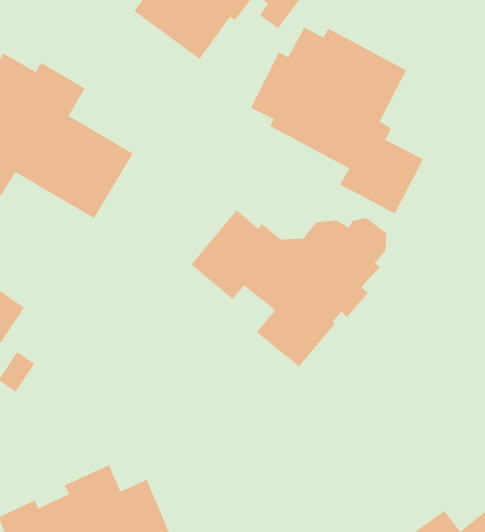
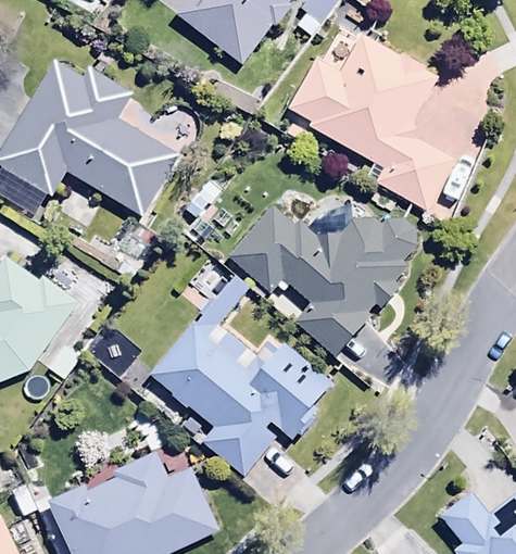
building: none -> [150,275,333,474]

